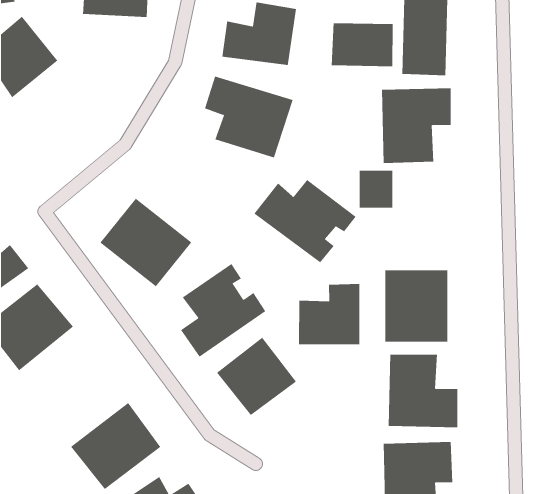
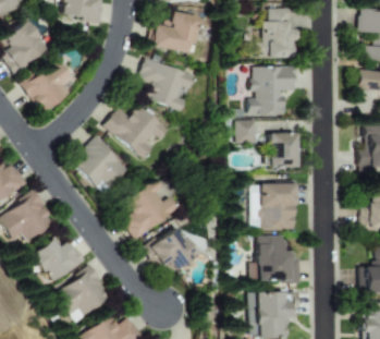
building: [331,22,393,67] -> none
building: none -> [22,58,79,113]
building: [254,179,357,263] -> [105,105,170,158]
building: none -> [267,128,296,166]
building: [298,283,360,345] -> none
building: none -> [29,233,82,282]

